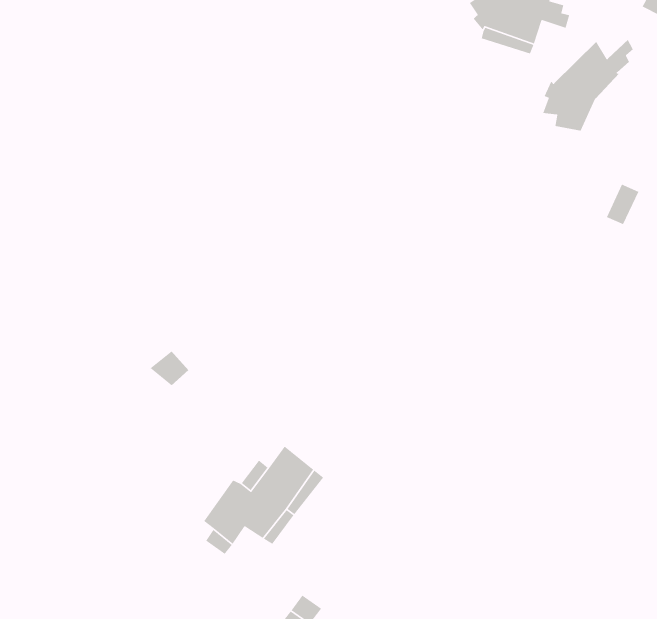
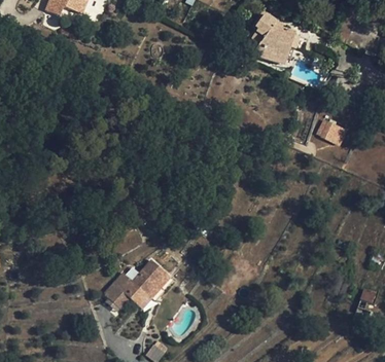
building: [542,39,634,131] -> none

